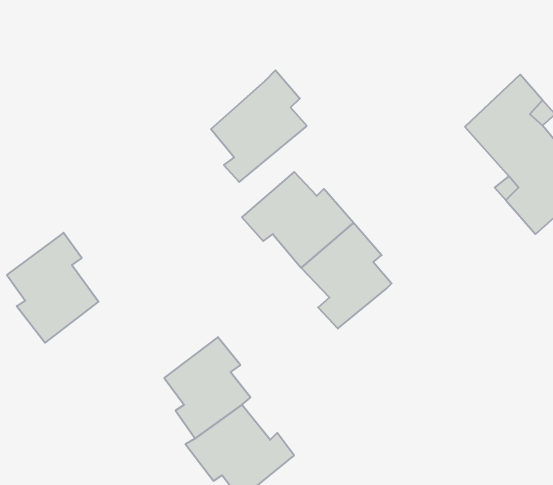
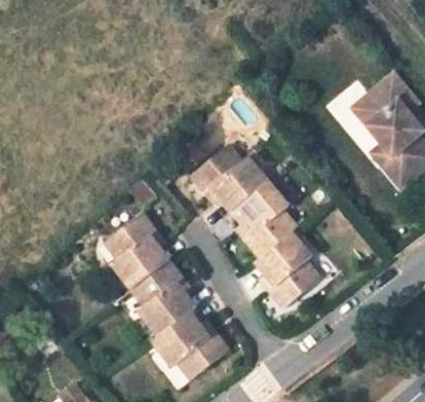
building: [211,70,307,182] -> none
building: [7,233,99,343] -> [104,214,170,294]
building: none -> [254,229,322,309]

